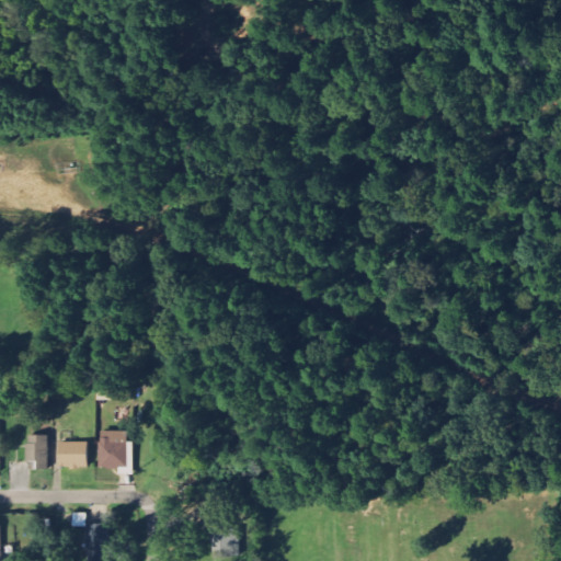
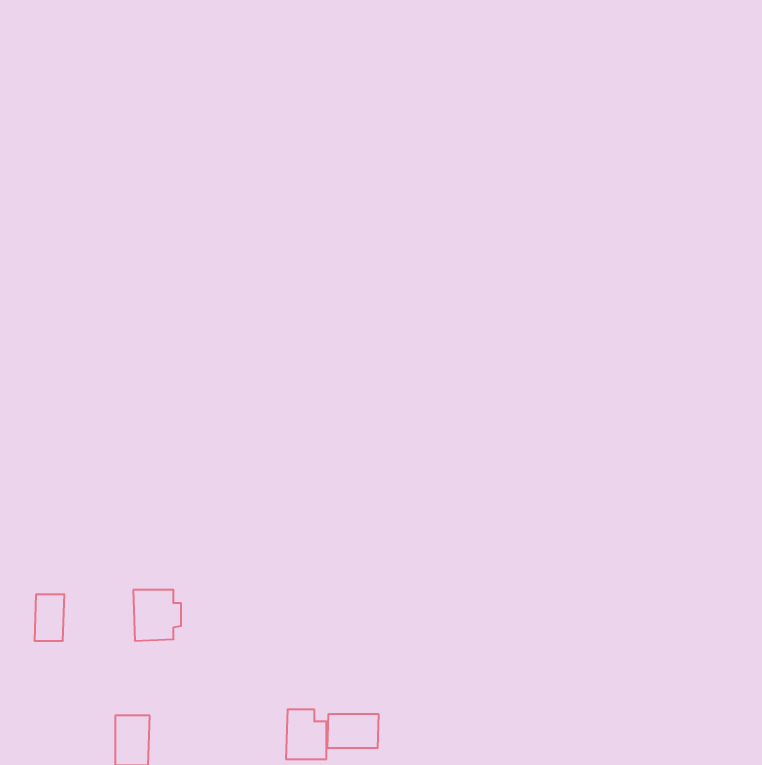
building: [58,442,87,468] -> none
building: none -> [328,714,378,748]

